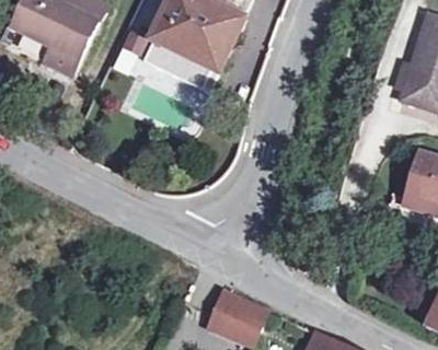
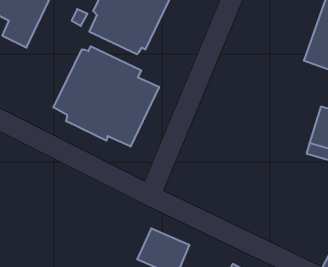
building: none -> [53,46,159,147]

